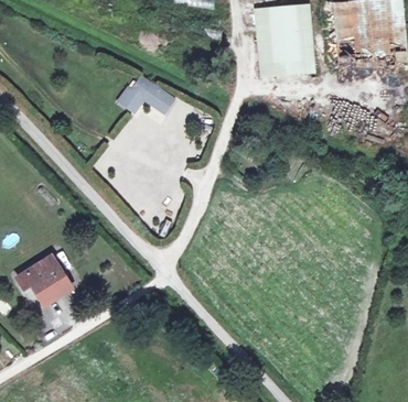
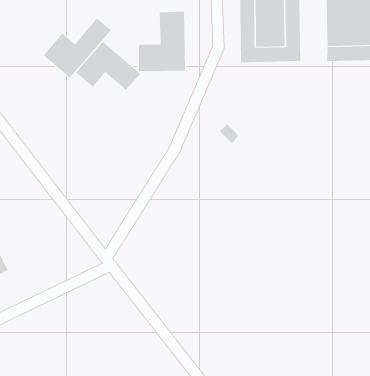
building: none -> [139,11,185,72]
building: none -> [43,18,112,78]

